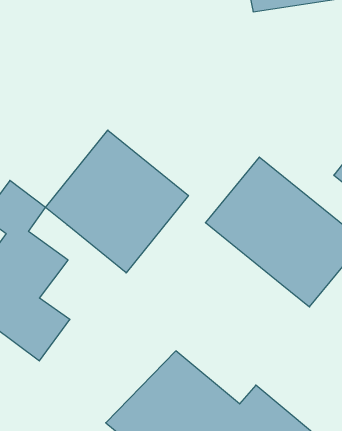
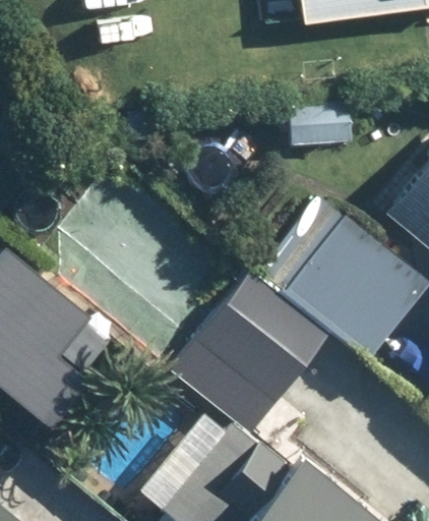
building: [46,130,188,273] -> none
building: none -> [168,269,332,436]

